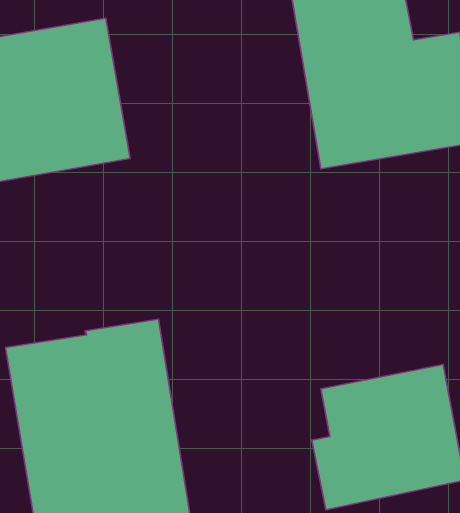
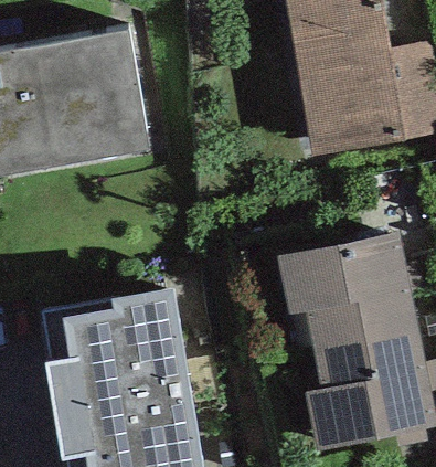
building: none -> [278,230,418,346]

